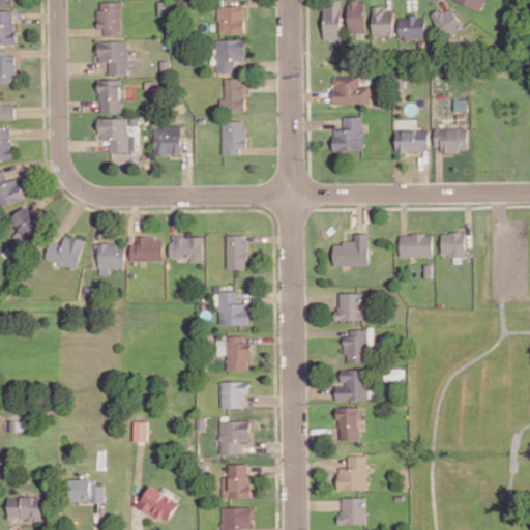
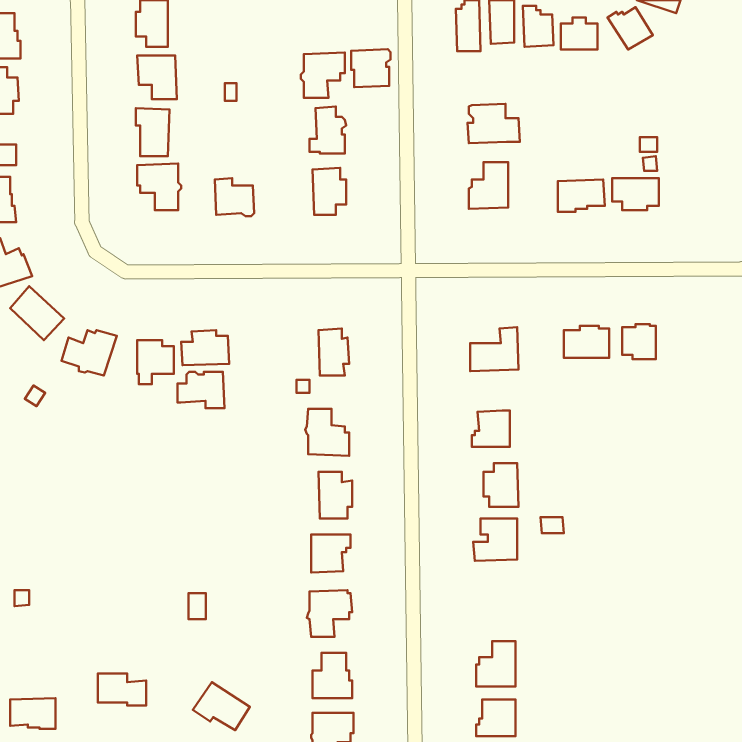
building: [216,7,244,34] -> [351,49,391,87]
building: [169,237,202,263] -> [178,372,224,408]
building: [335,407,357,441] -> none

